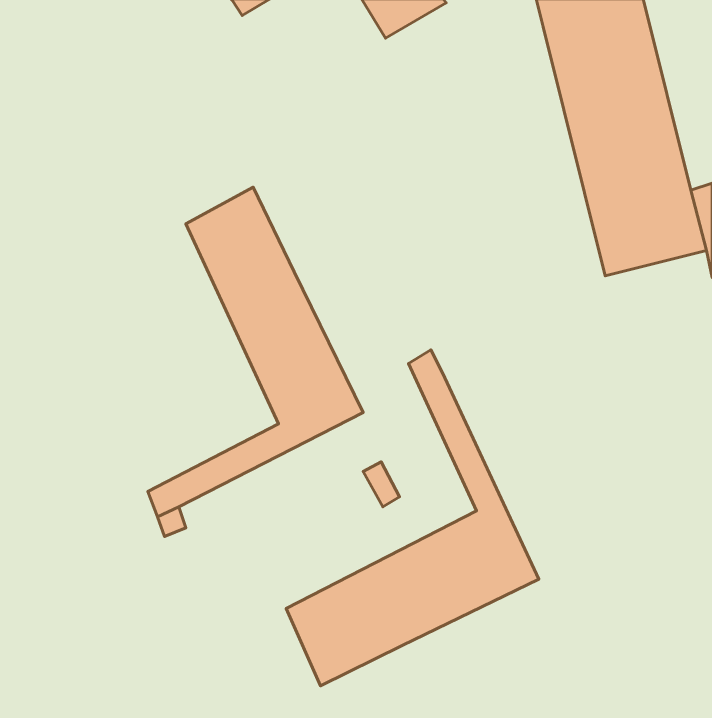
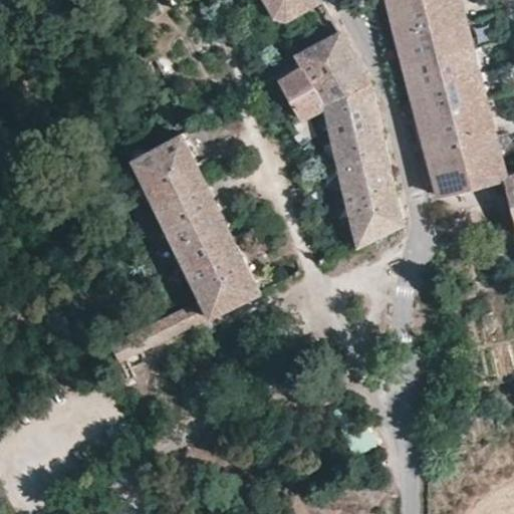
building: none -> [278,31,401,245]
building: [286,350,539,686] -> none

